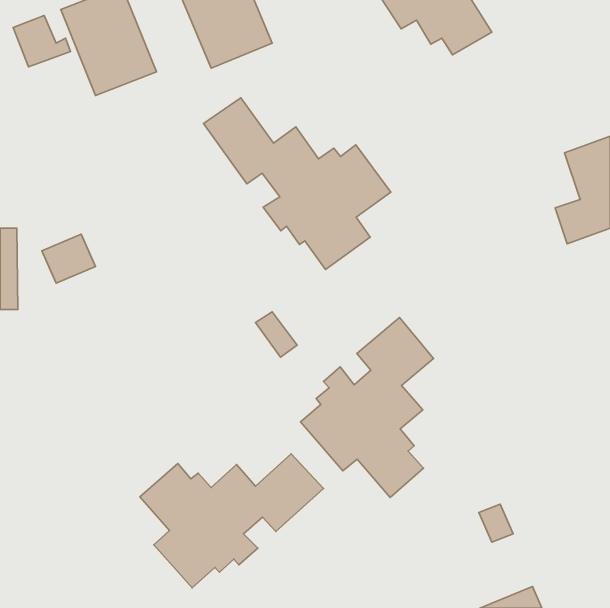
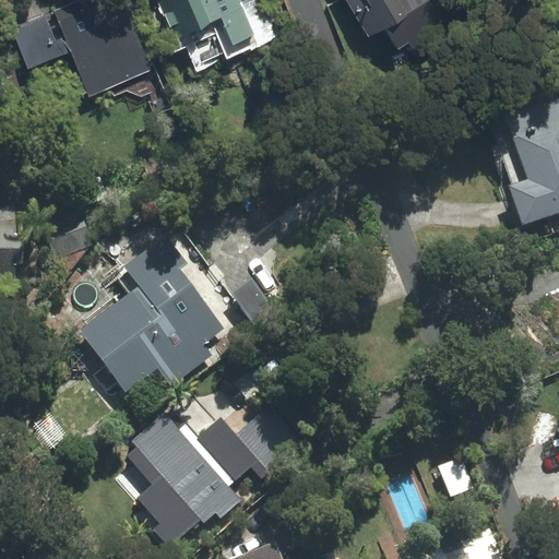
building: [203,98,391,270] -> none
building: none -> [82,242,217,389]
building: [301,317,434,497] -> none

